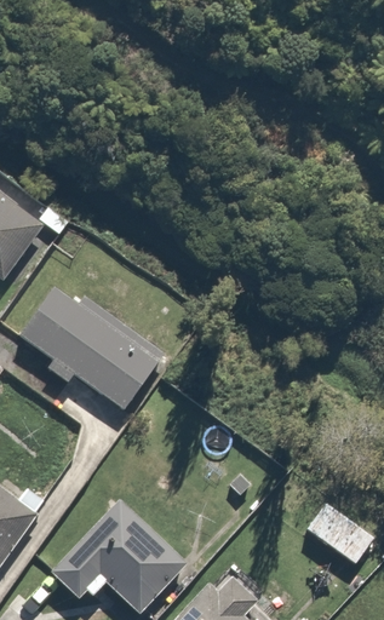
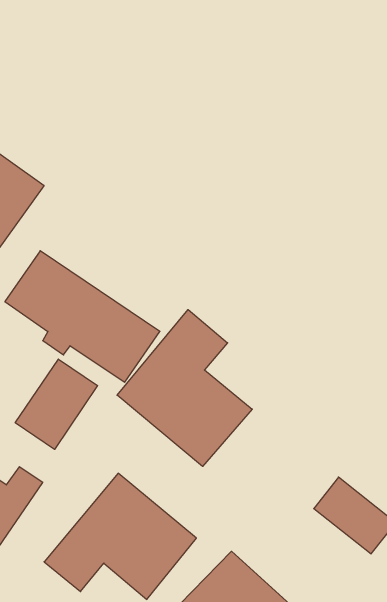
building: none -> [117,310,252,466]
building: none -> [15,359,98,449]

